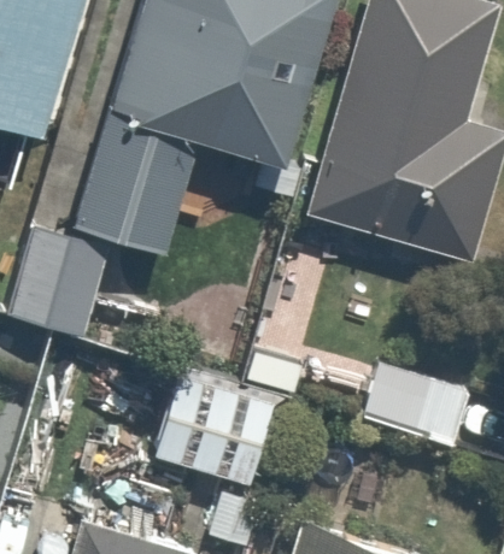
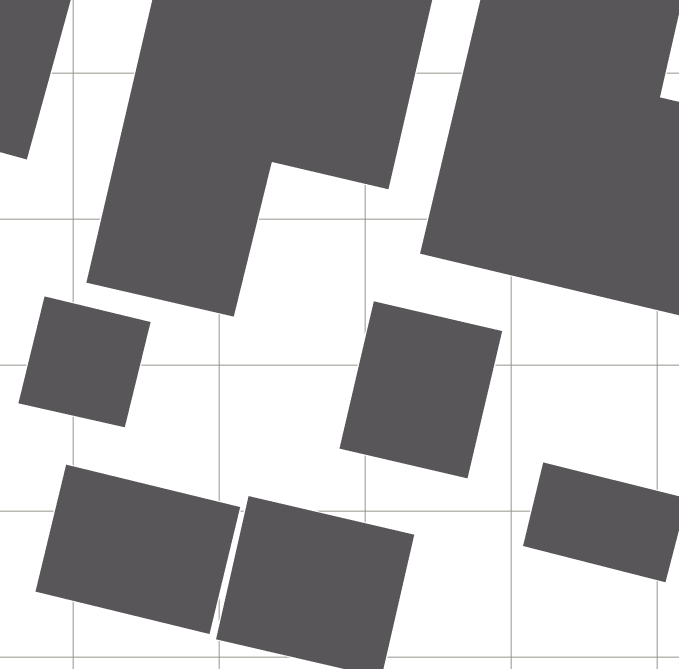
building: none -> [339,300,503,479]
building: none -> [35,464,241,635]

